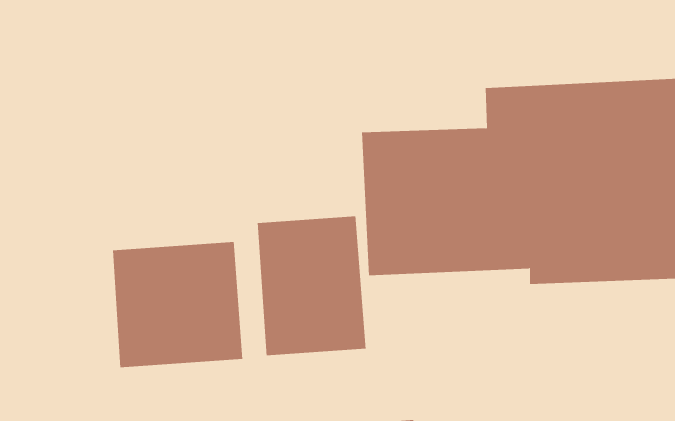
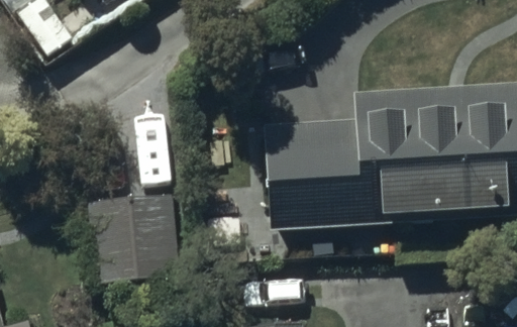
building: [257,216,366,356] -> none

